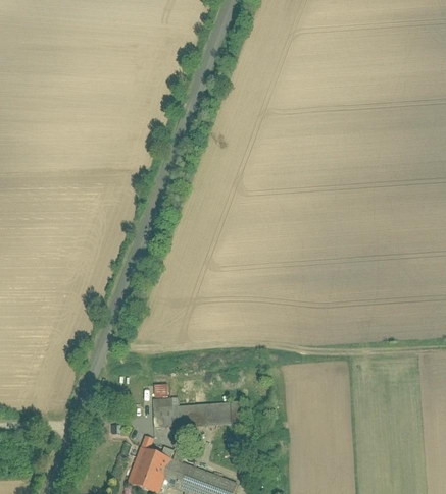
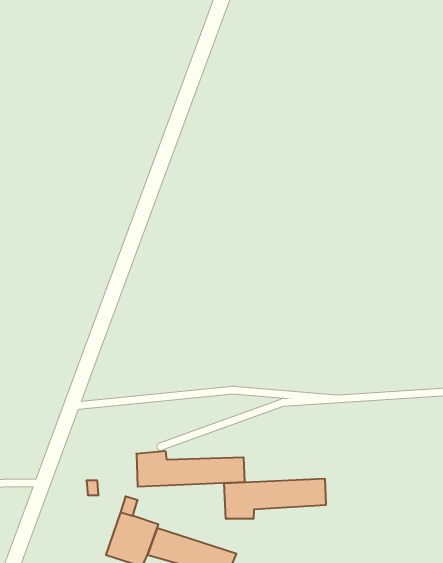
building: none -> [224,479,326,519]

